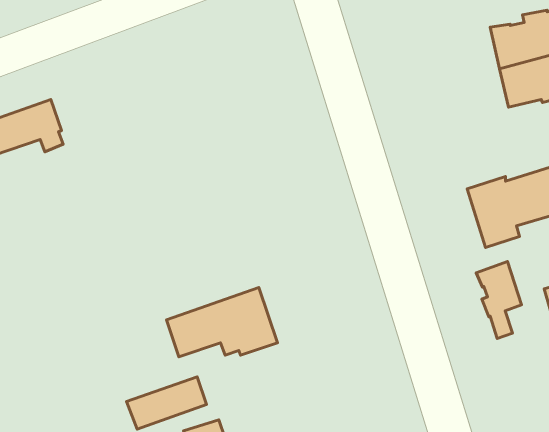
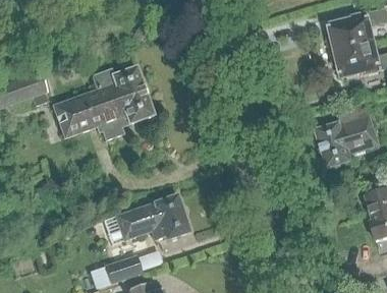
building: none -> [53,67,154,138]
building: [476,261,521,339] -> none

